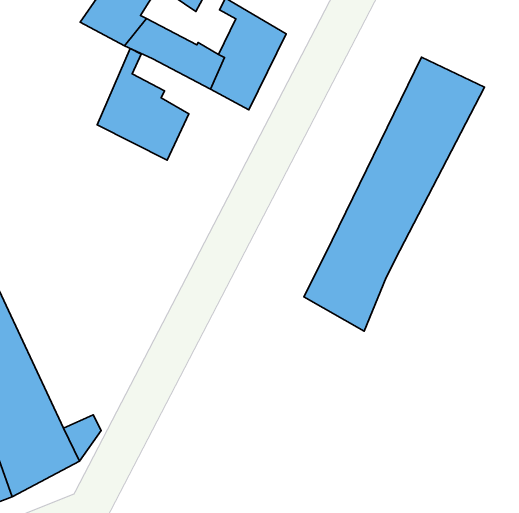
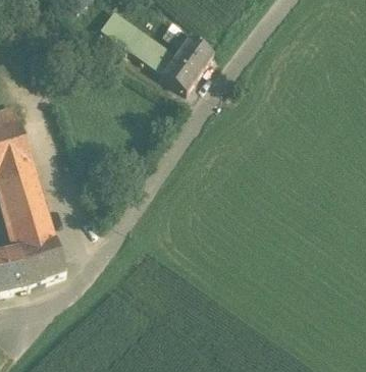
building: [97,48,189,160] -> none
building: [304,57,484,331] -> none

